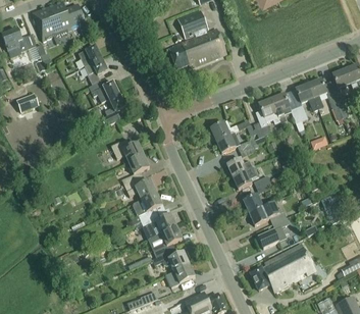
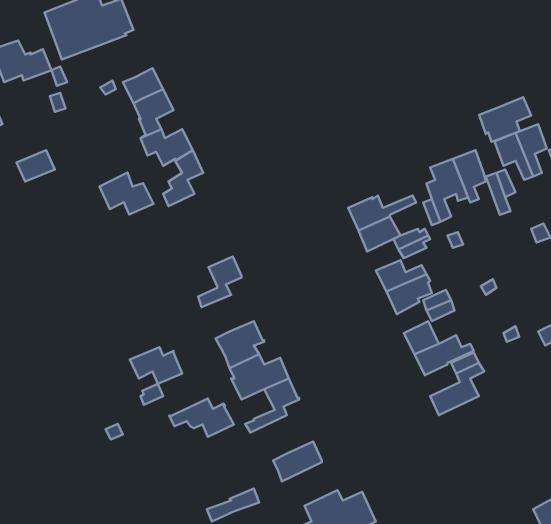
building: [168,9,226,68] -> none
building: none -> [479,97,531,142]
building: [111,137,143,161] -> [99,173,154,214]
building: [124,177,155,199] -> [130,347,182,384]
building: [250,243,315,291] -> none
building: [152,248,190,270] -> [169,398,234,437]

